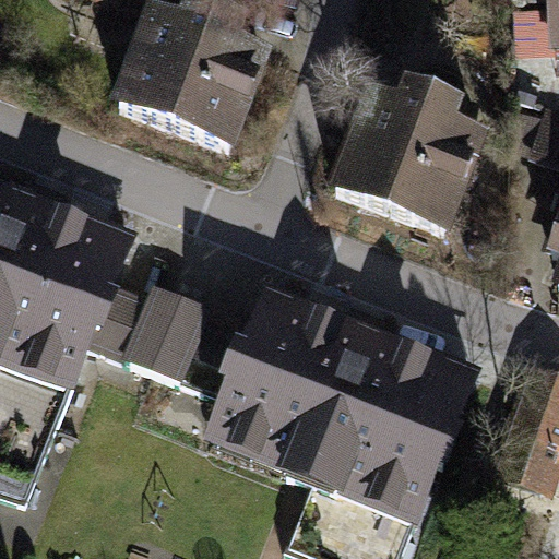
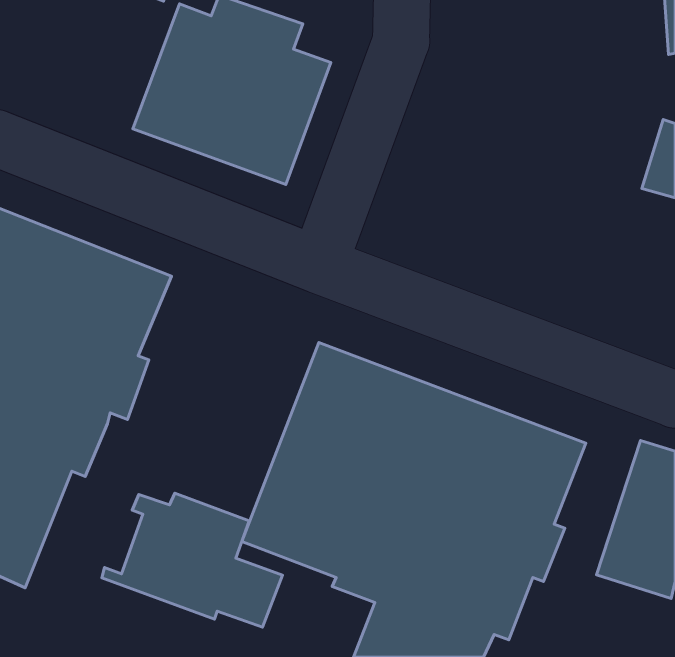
building: [323,82,488,237] -> none
building: [88,278,237,389] -> [102,493,282,627]

